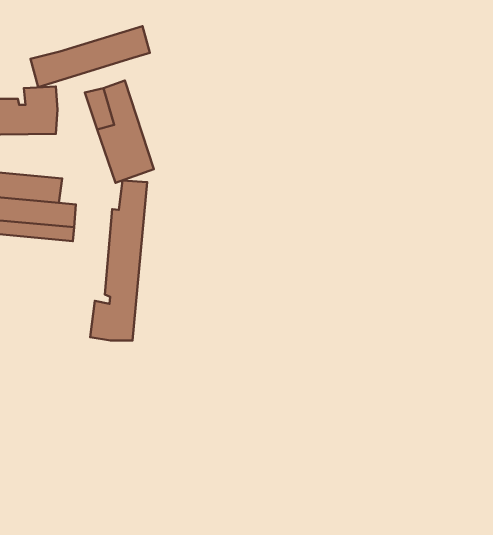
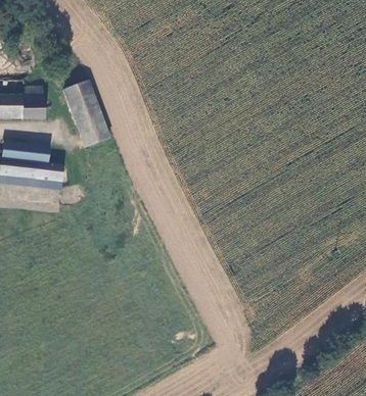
building: [30,26,150,87] -> none
building: [90,180,147,341] -> none

